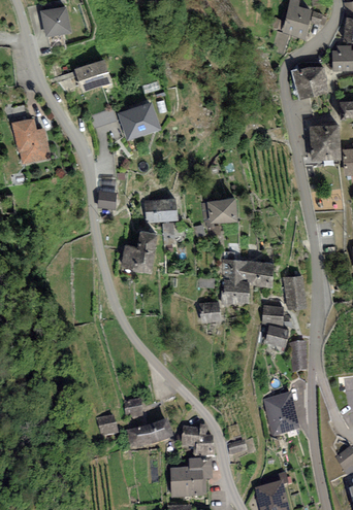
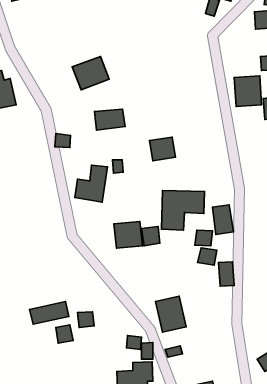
building: [73,57,111,92] -> none
building: [292,64,328,98] -> none
building: [142,198,179,223] -> [95,109,125,130]
building: none -> [114,221,142,248]
building: [263,394,299,436] -> [156,296,186,332]
building: [125,421,171,448] -> [30,301,69,324]

